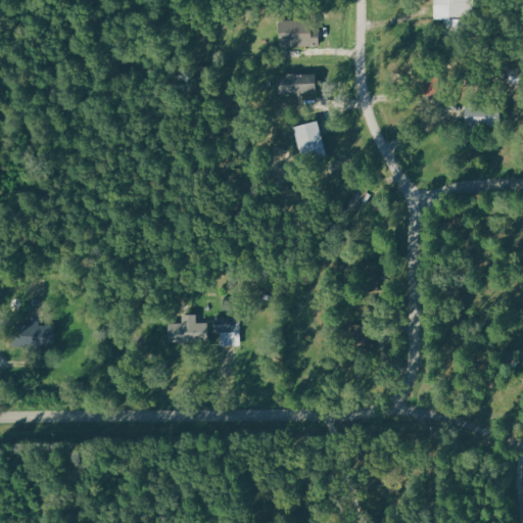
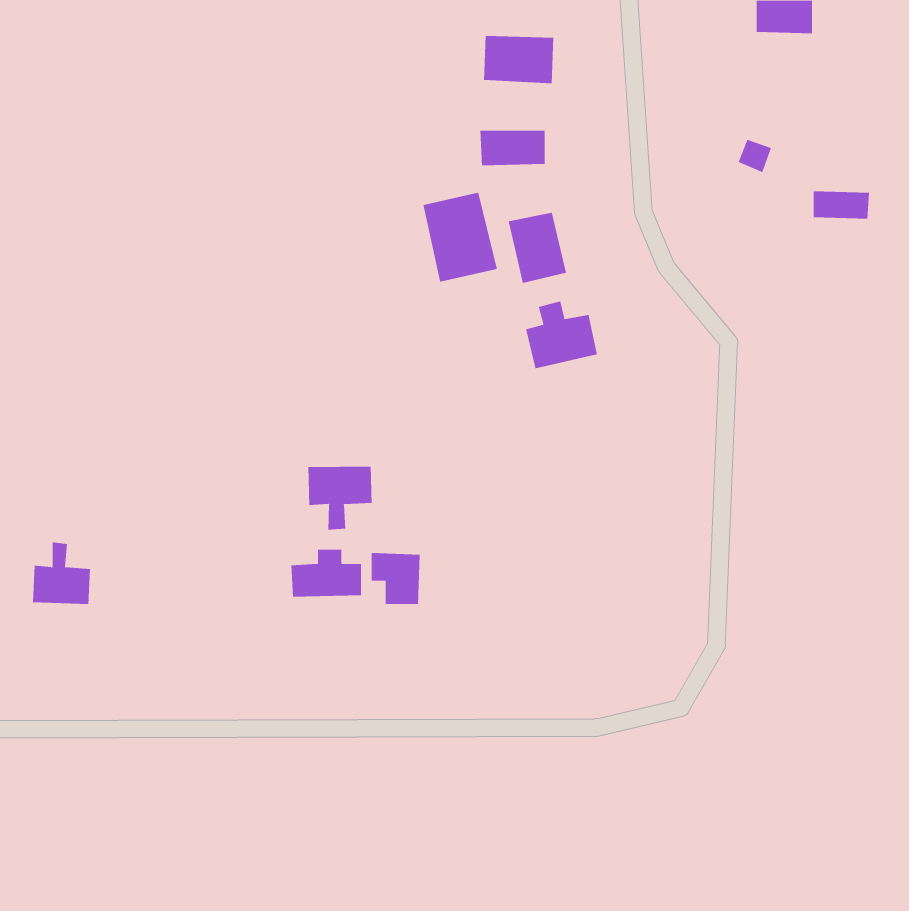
building: none -> [423,192,498,283]
building: none -> [525,301,597,369]
building: none -> [308,466,372,531]

